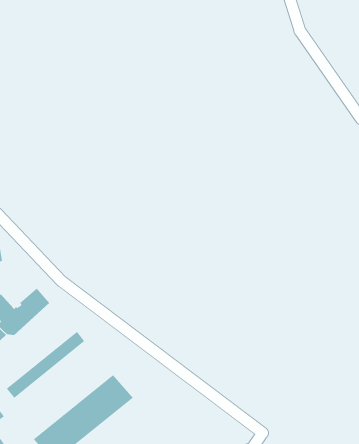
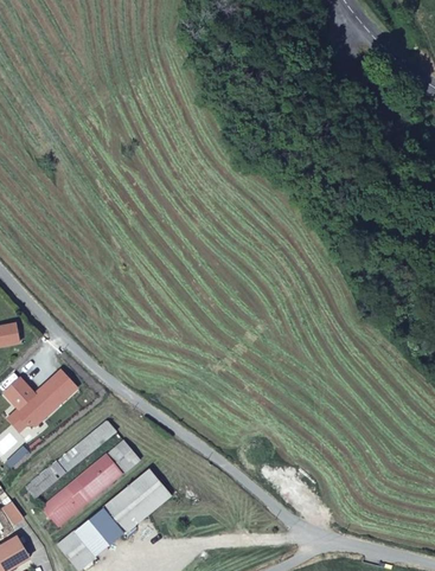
building: none -> [40,440,140,527]

